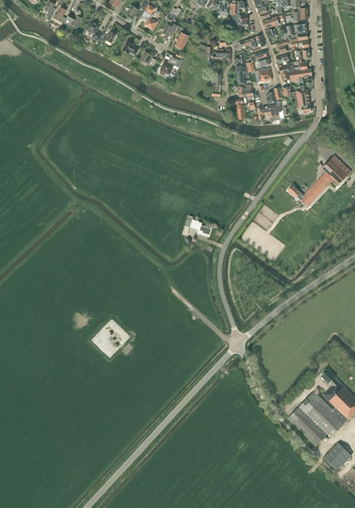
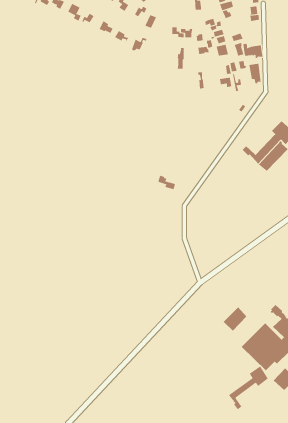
building: none -> [223,307,247,331]
building: none -> [228,365,269,410]

